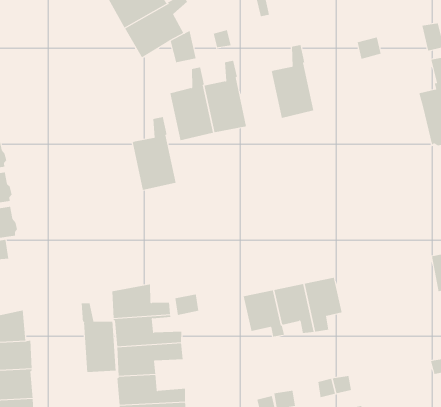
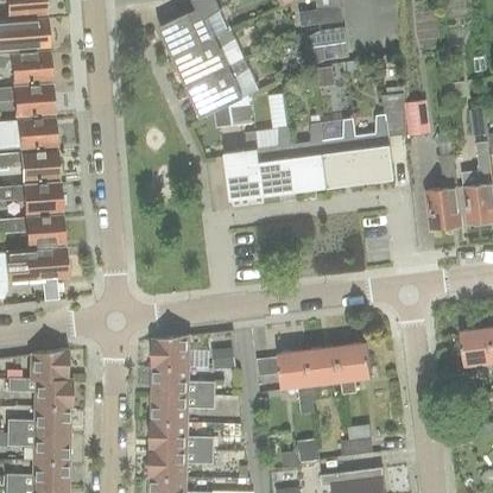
building: none -> [354,94,405,182]
building: none -> [426,154,460,230]
building: [132,117,176,191] -> [289,122,328,191]
building: [81,302,116,373] -> none

